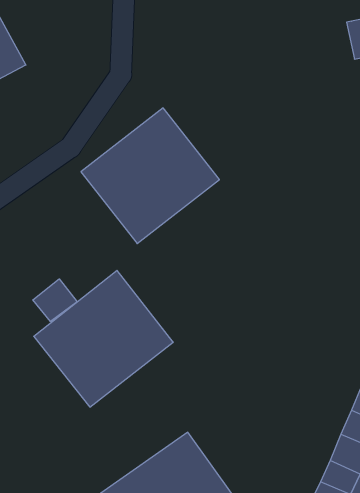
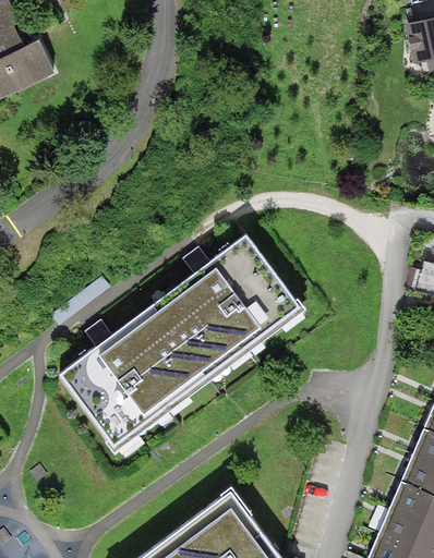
building: [81,108,219,244] -> [149,232,305,385]
building: [33,279,77,322] -> none

